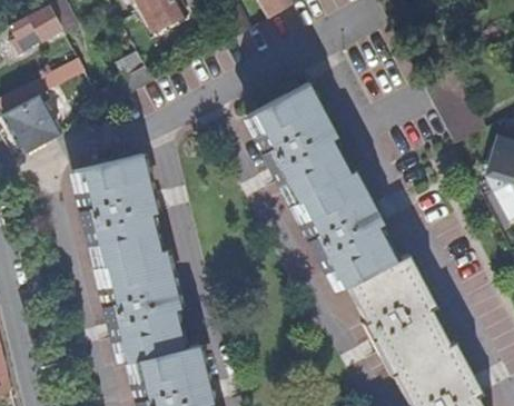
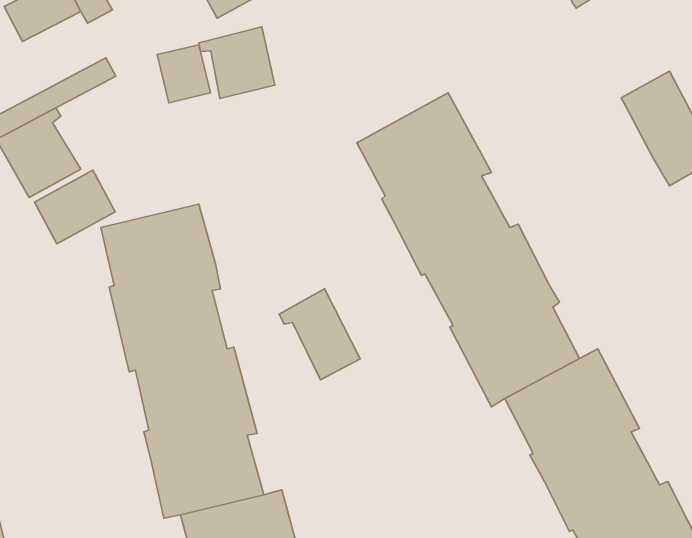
building: none -> [199,27,275,99]
building: none -> [34,170,115,244]
building: none -> [279,289,360,380]

